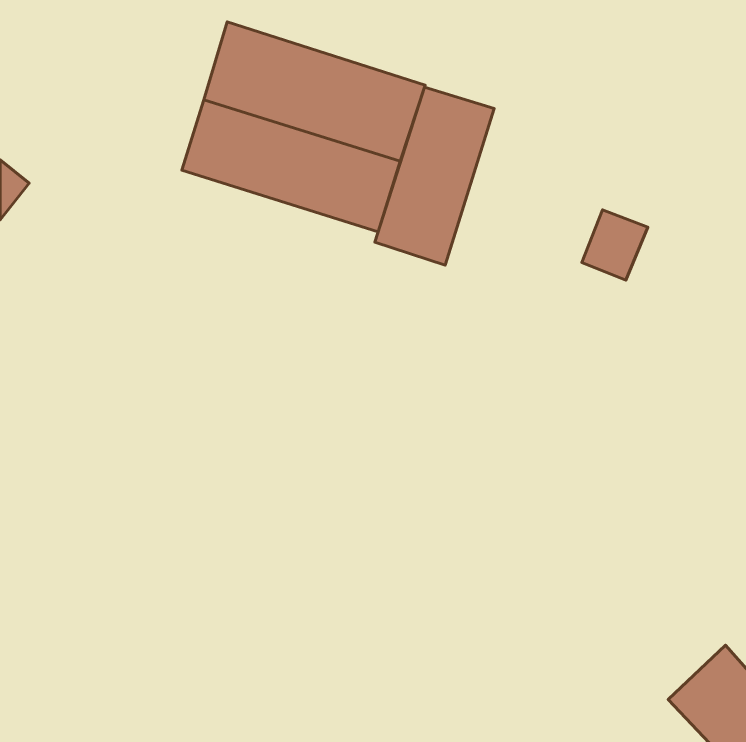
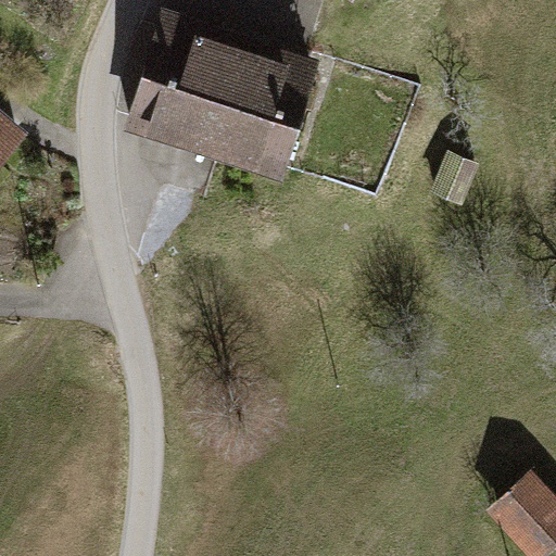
building: [375,87,494,265] -> none

